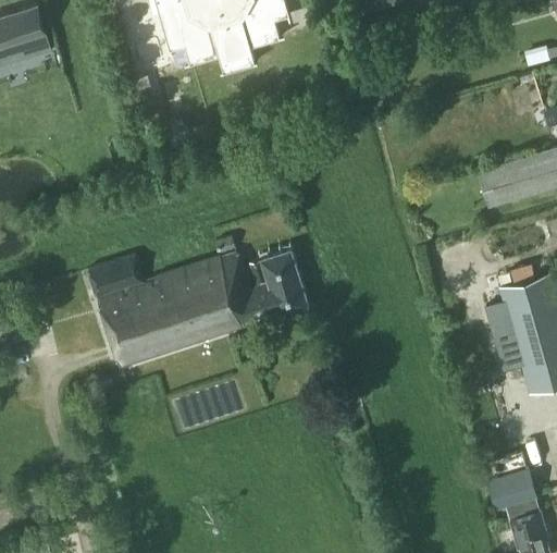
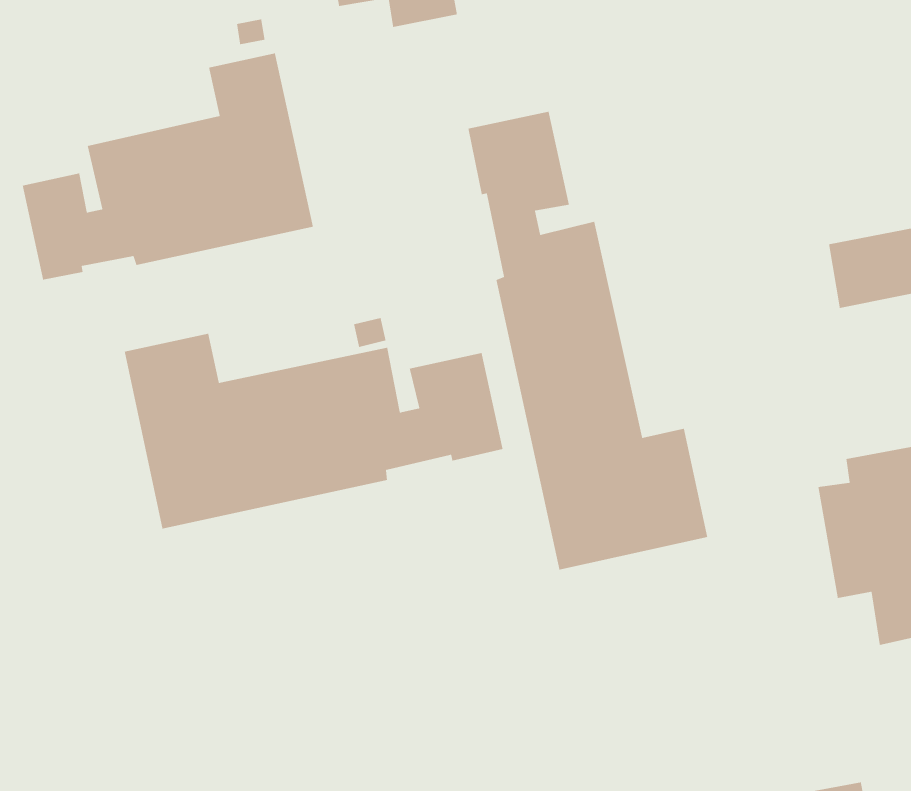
building: none -> [22,53,314,280]
building: none -> [468,111,708,570]

